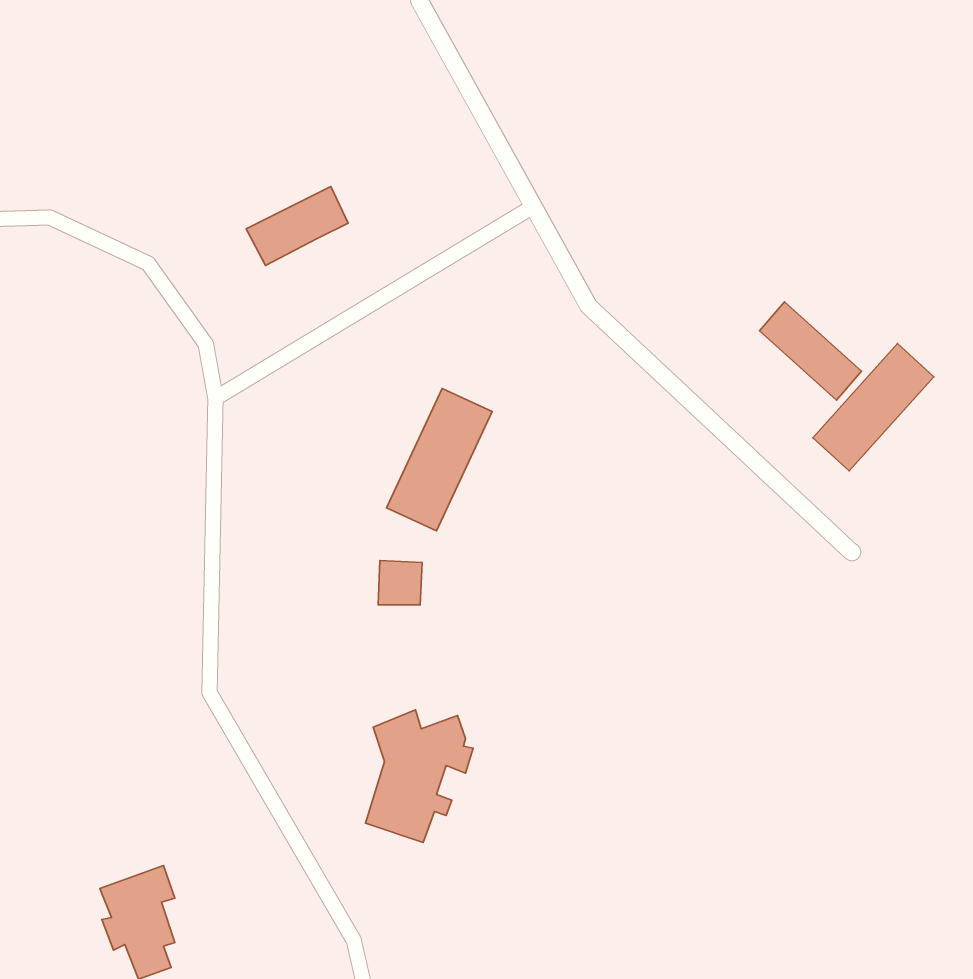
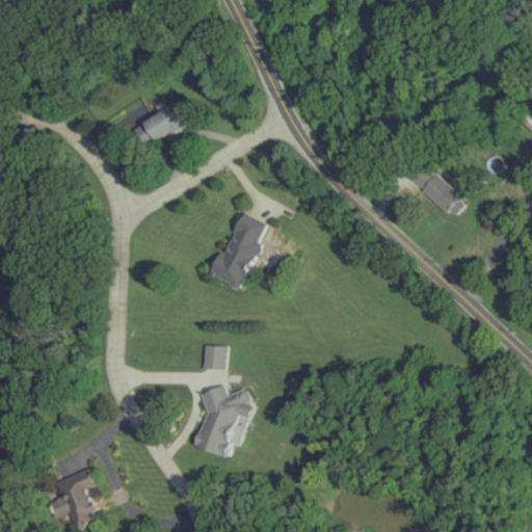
building: [813,344,934,471] -> none
building: [378,561,422,605] -> [202,346,225,370]

